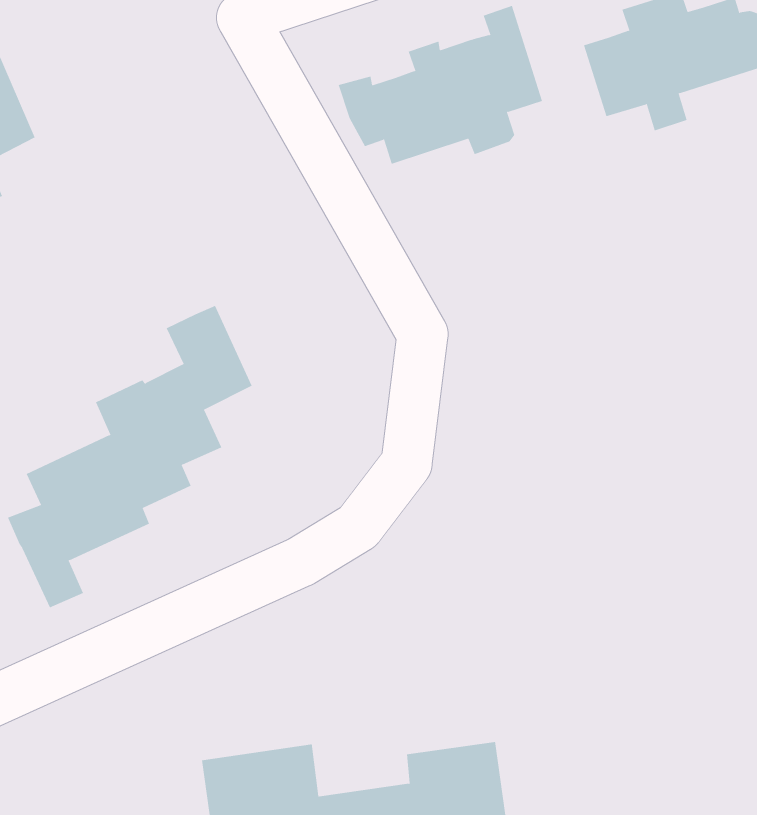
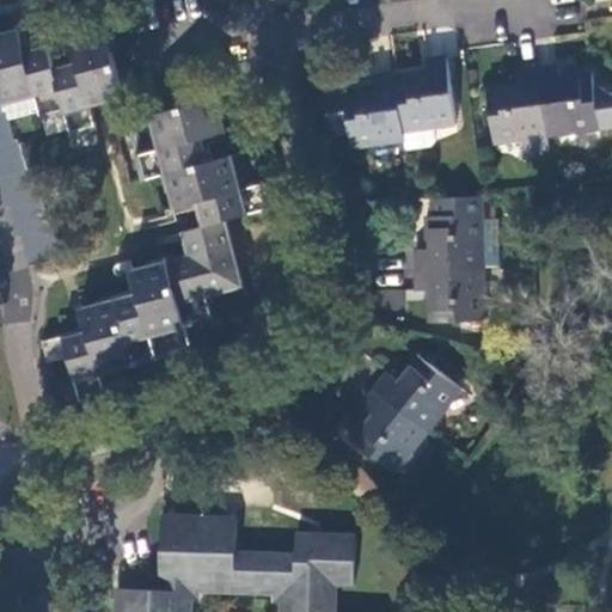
building: none -> [135,99,265,226]
building: none -> [412,197,495,322]
building: none -> [351,355,455,469]

